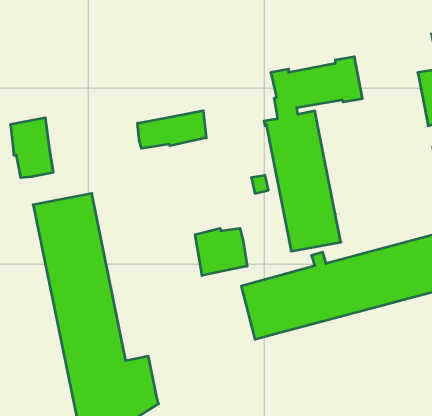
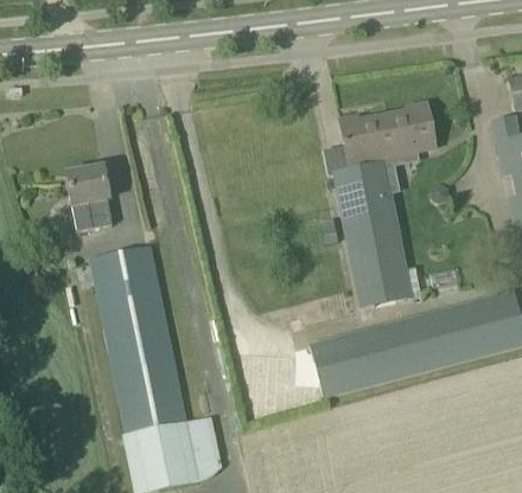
building: [138,111,206,148] -> none
building: [195,228,247,276] -> none

